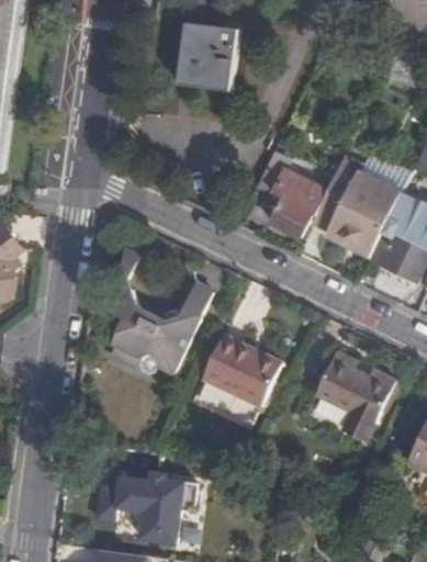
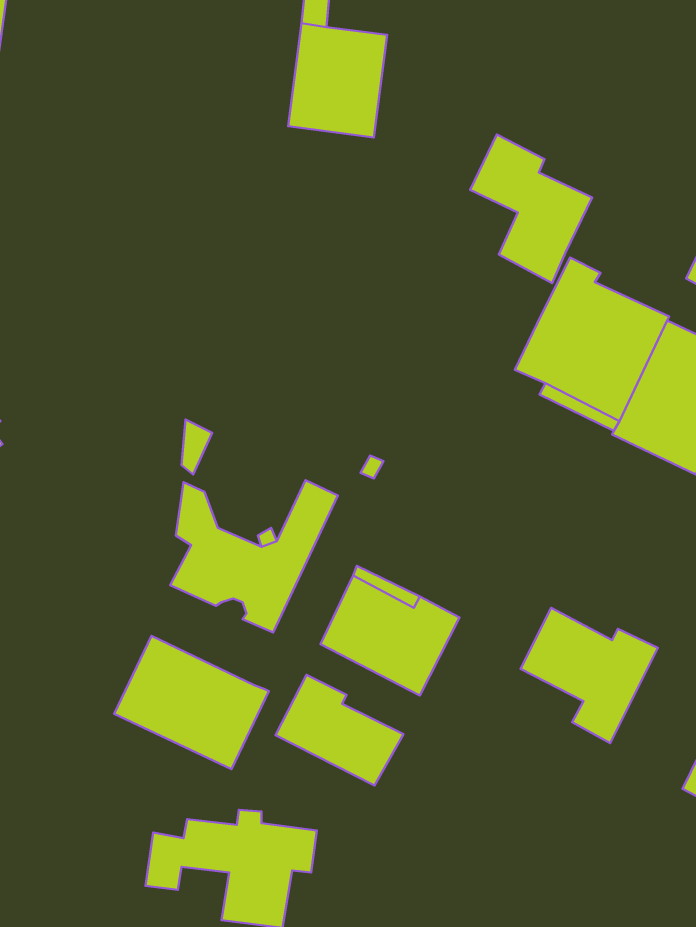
building: [257,153,327,238] -> [470,135,592,283]
building: none -> [114,636,269,769]
building: none -> [275,675,404,785]

